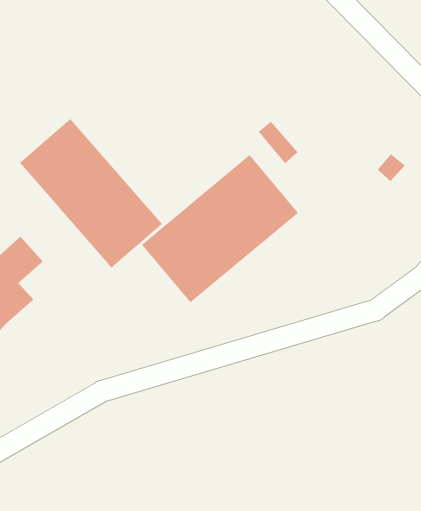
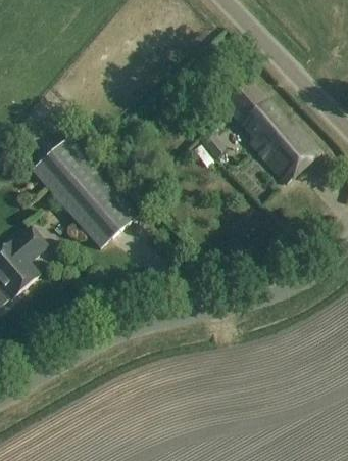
building: none -> [223,80,321,181]
building: [141,154,299,303] -> none

